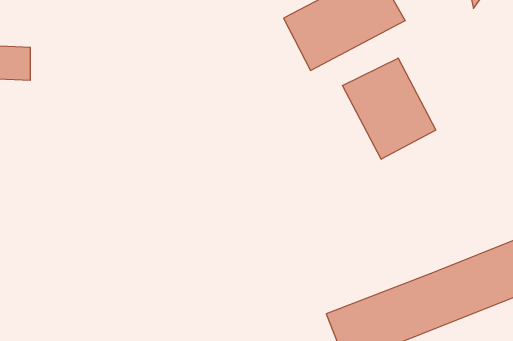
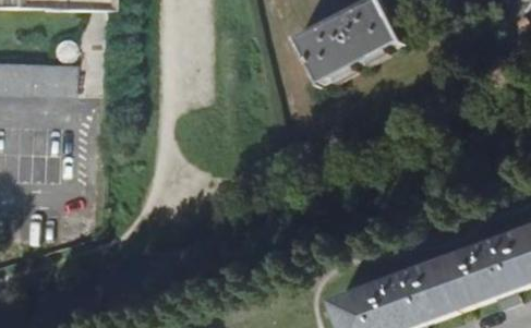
building: [342,58,436,159] -> none

